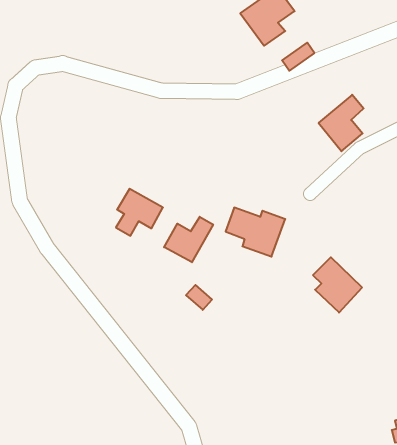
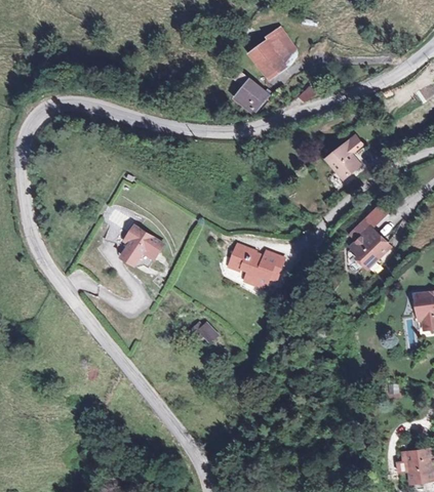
building: none -> [228,76,270,117]
building: [164,217,213,262] -> none
building: [313,257,362,313] -> [345,216,393,271]

